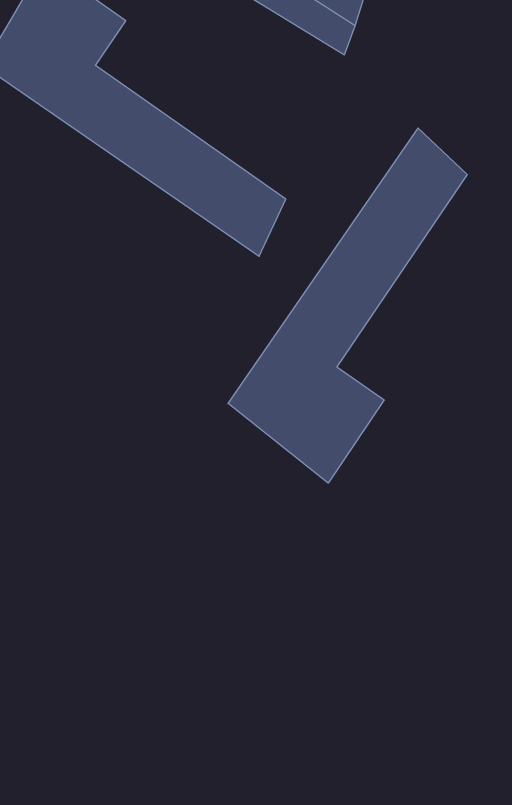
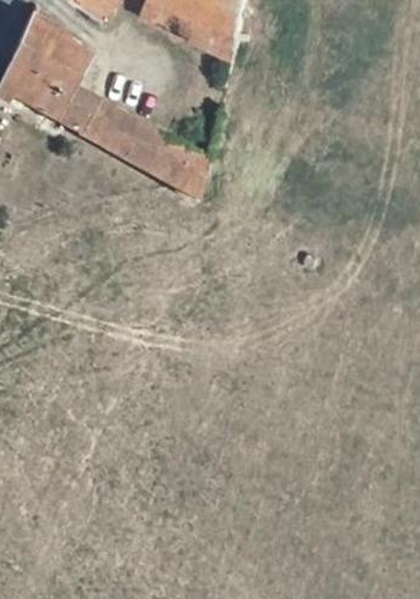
building: [228,128,467,483] -> none

